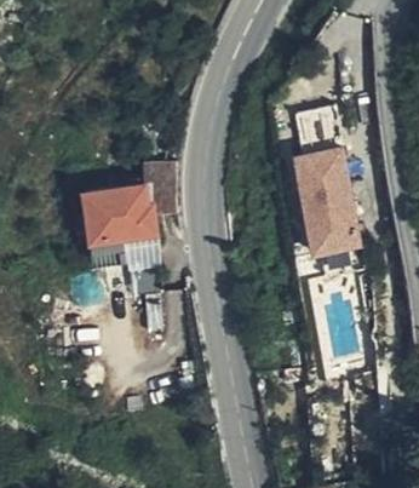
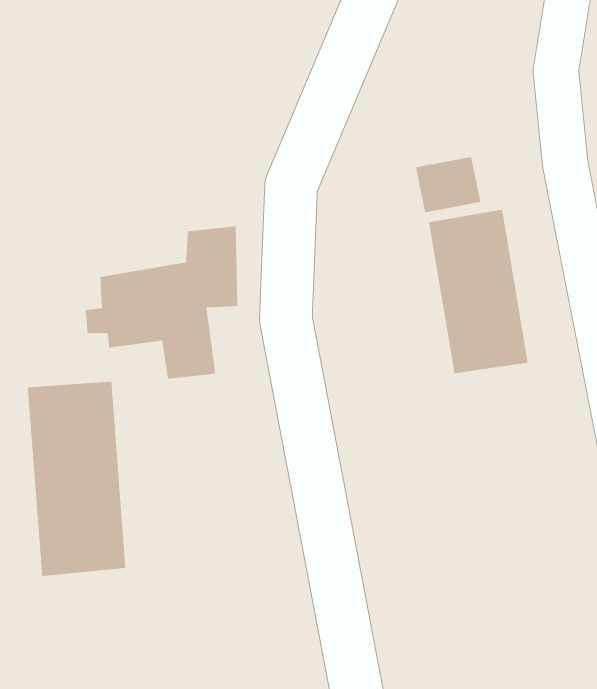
building: none -> [27,381,126,577]

